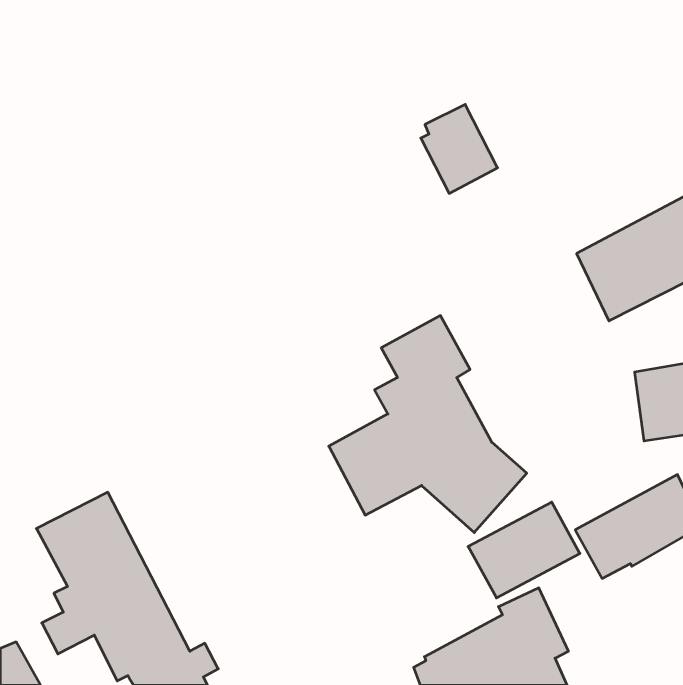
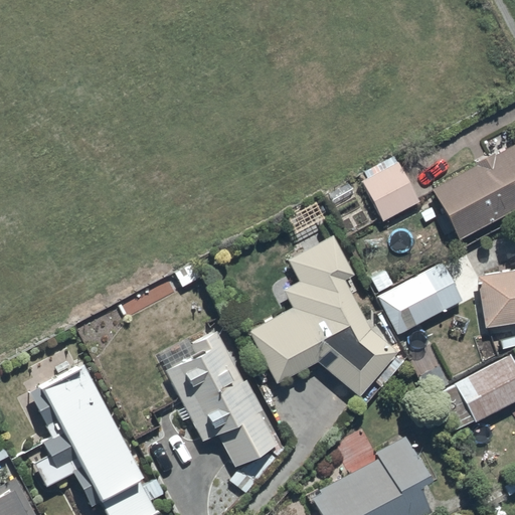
building: [421,104,498,193] -> [363,155,420,221]
building: none -> [166,332,277,492]
building: [468,502,580,598] -> [378,263,462,334]

